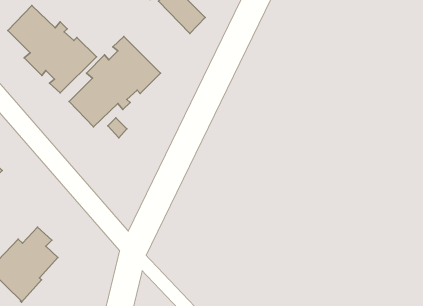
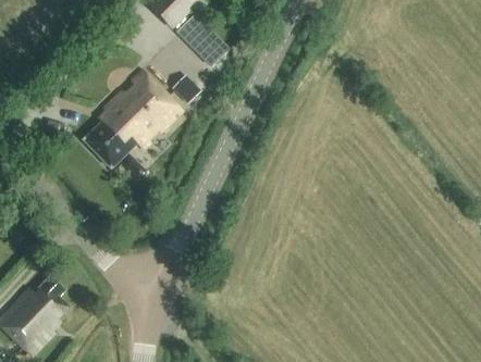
building: [8,6,96,93] -> none

